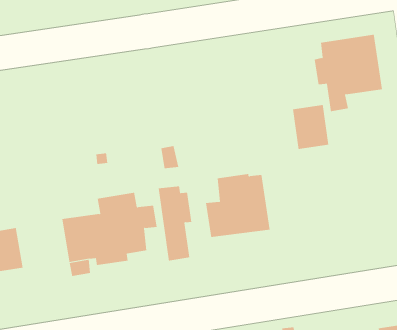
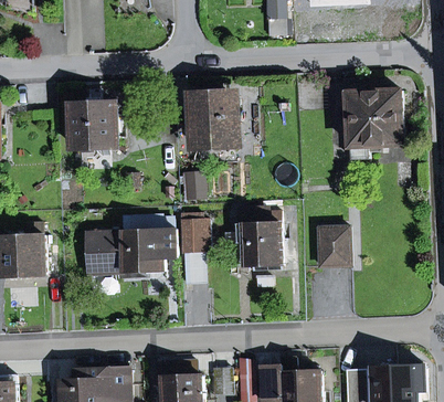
building: none -> [186,97,234,141]
building: none -> [71,87,116,148]
building: [292,105,329,150] -> [318,226,349,266]

